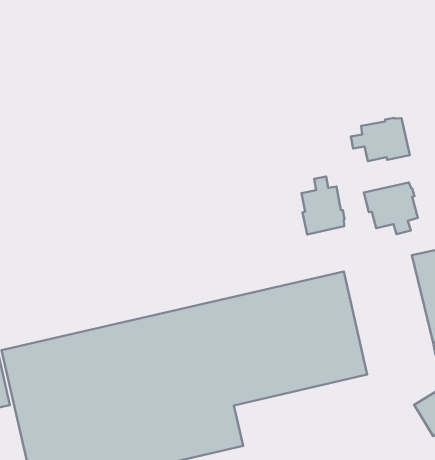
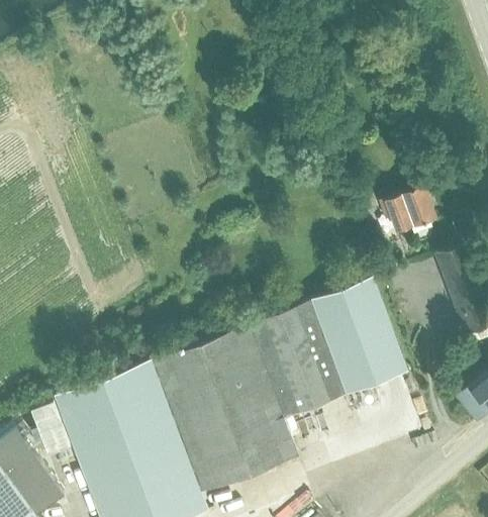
building: [351,118,410,161] -> none
building: [302,176,344,234] -> none

